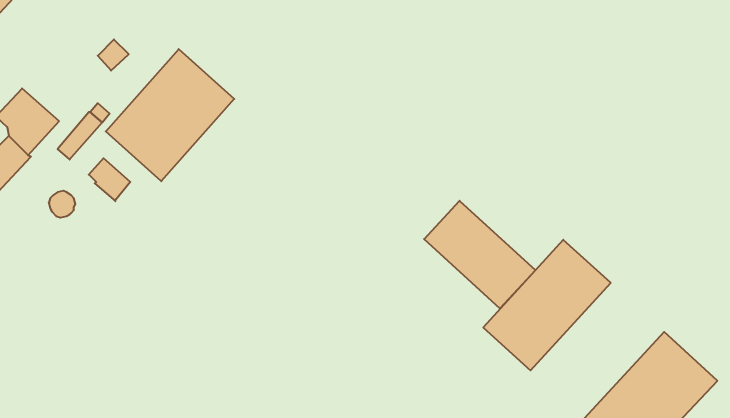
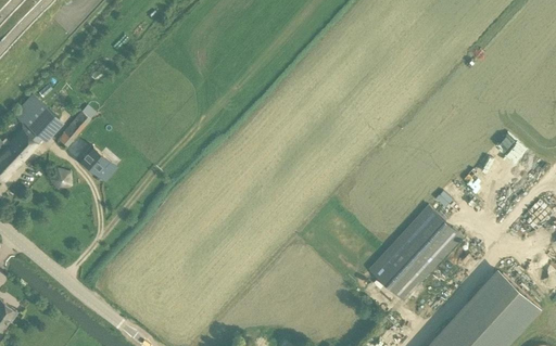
building: [106,49,234,181] -> none
building: [424,201,535,309] -> none

